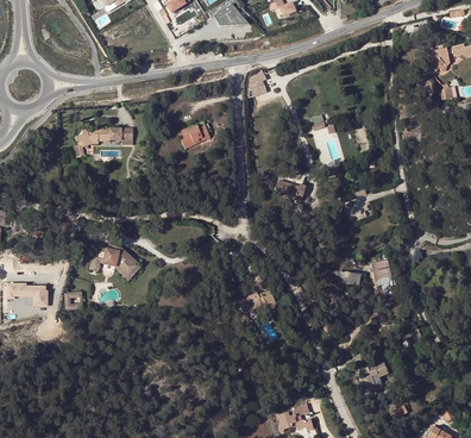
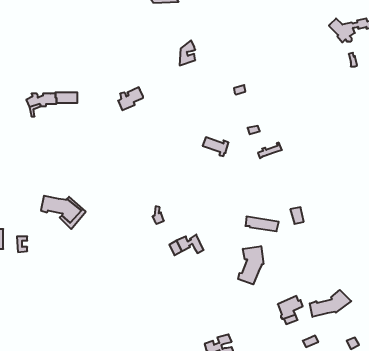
building: none -> [238,246,263,284]
building: none -> [310,290,351,317]

